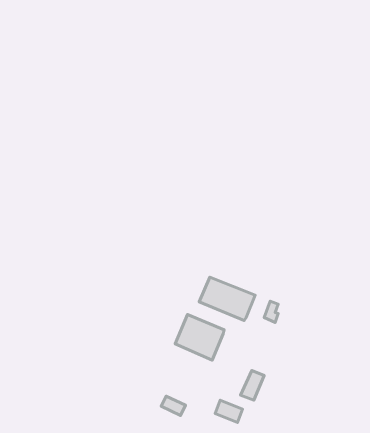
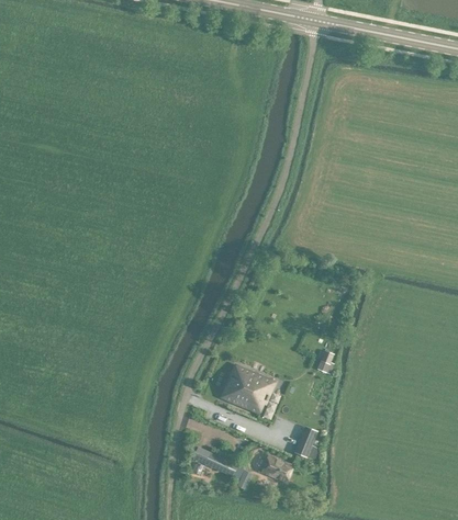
building: [199,277,255,320] -> none

